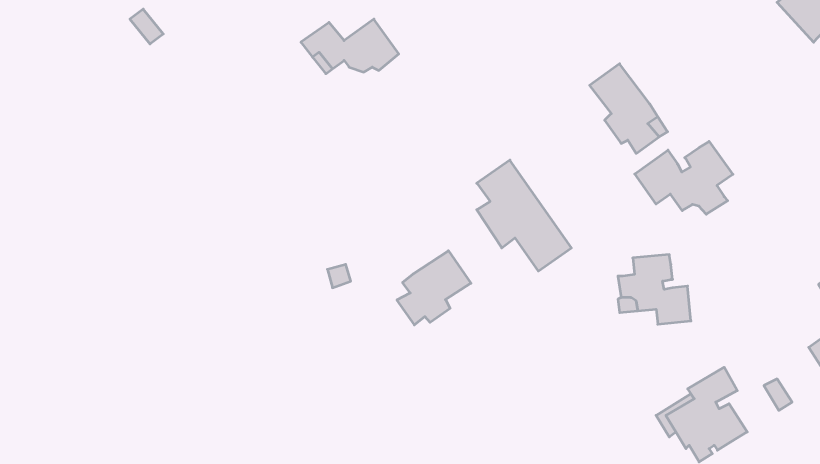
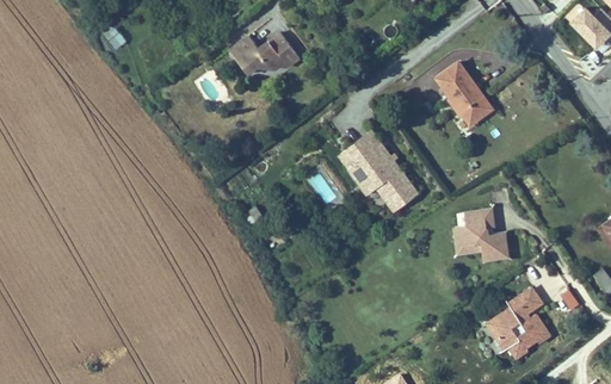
building: [635,141,733,214] -> none
building: [397,251,471,325] -> none

